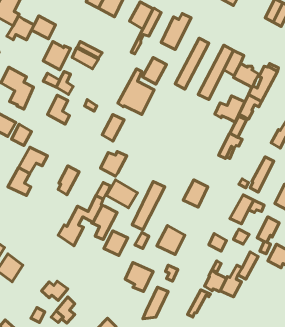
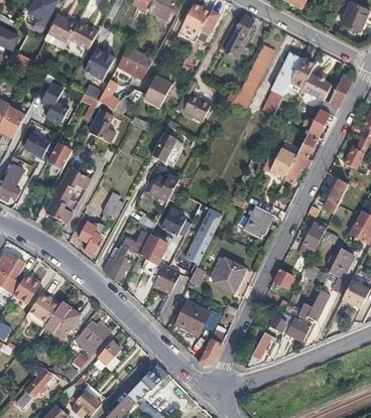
building: [143,58,166,84] -> [144,76,171,106]
building: [215,96,245,122] -> [262,147,296,177]
building: none -> [79,221,104,254]
building: none -> [45,303,80,339]

